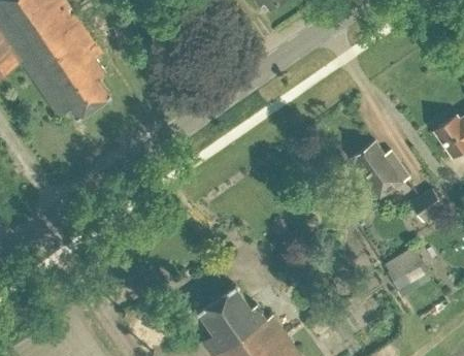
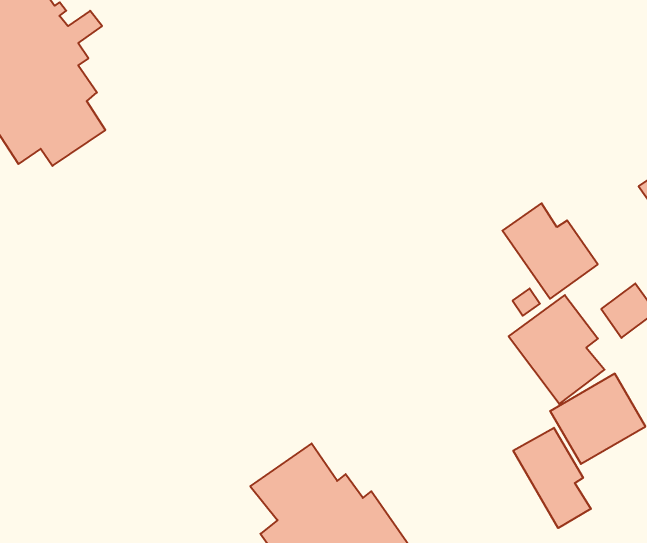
building: none -> [509,295,605,404]
building: none -> [513,428,591,528]

